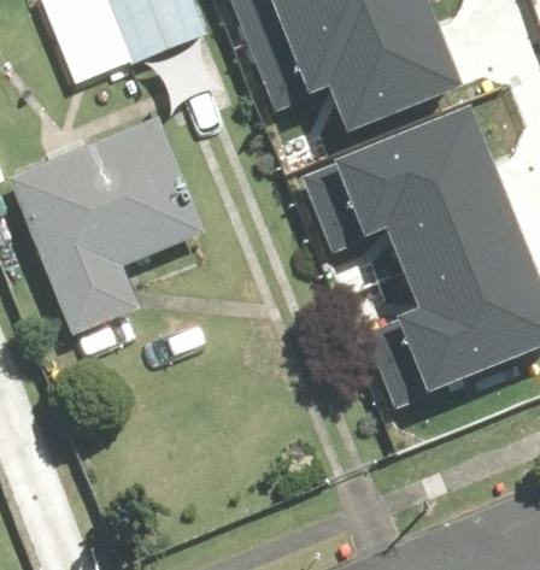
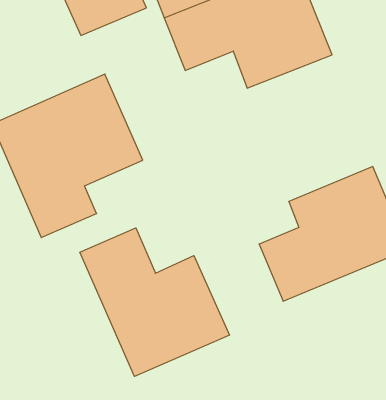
building: [298,107,513,277] -> none
building: none -> [80,228,230,376]

